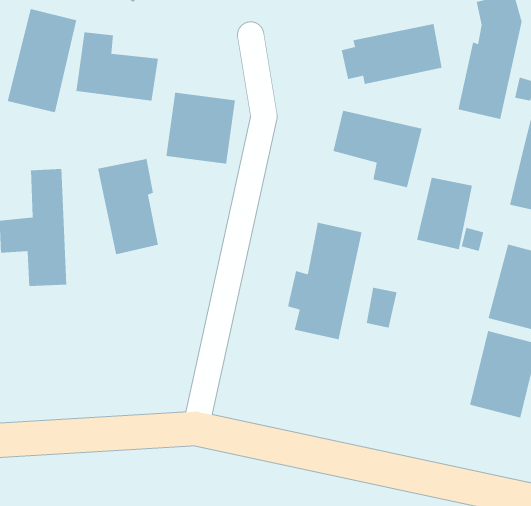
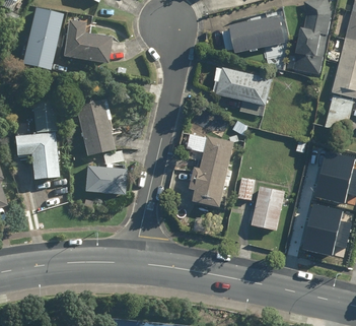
building: [165,92,236,164] -> none
building: [416,177,473,250] -> [251,186,285,231]
building: none -> [83,150,125,194]

